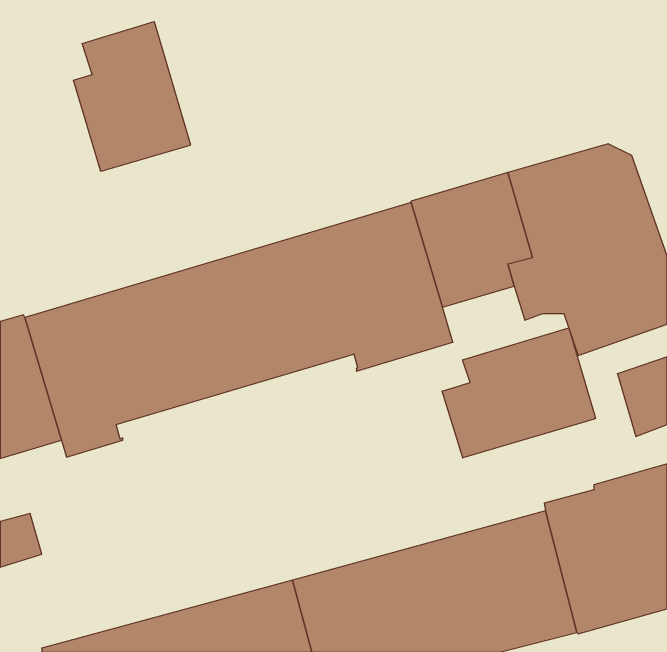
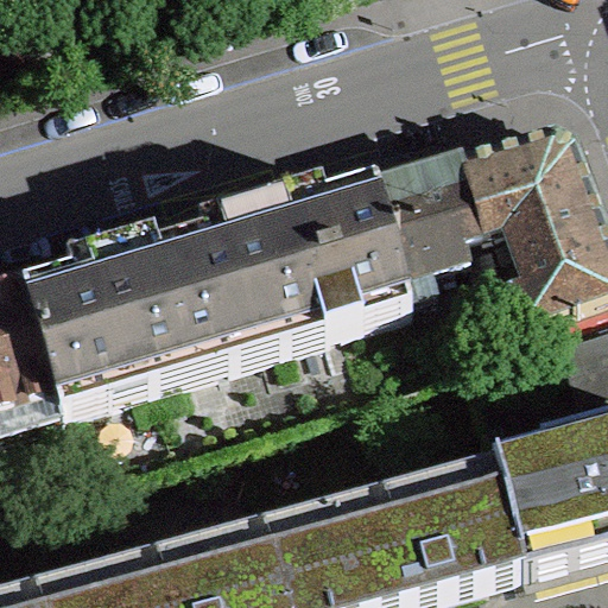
building: [73,22,191,171] -> none
building: [442,328,596,458] -> none

